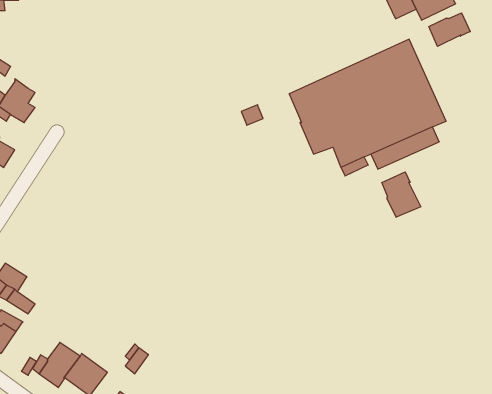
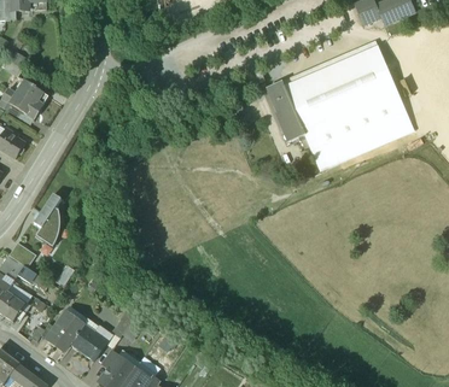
building: [429,13,470,46] -> none
building: [382,172,421,217] -> none
building: none -> [34,193,62,247]

